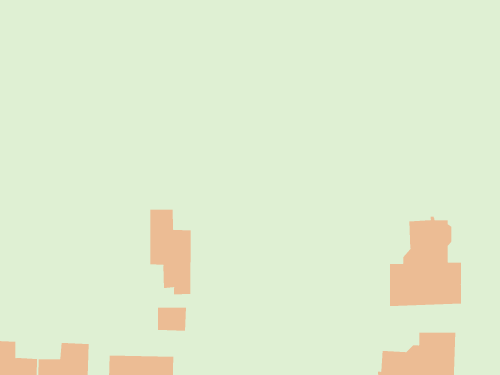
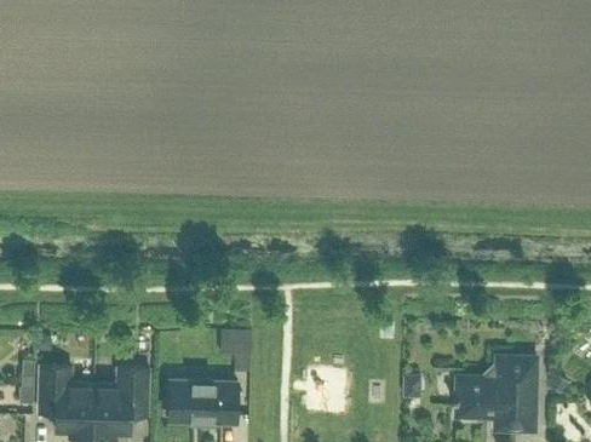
building: [150,209,191,295] -> none
building: [390,216,461,307] -> none

